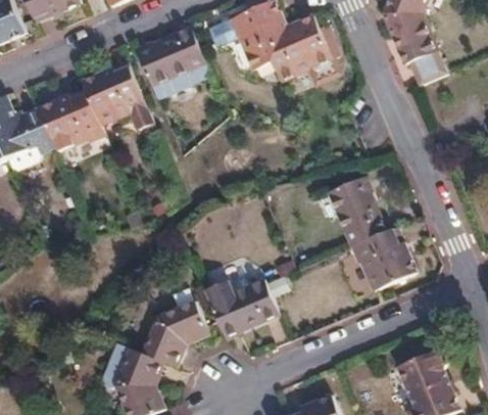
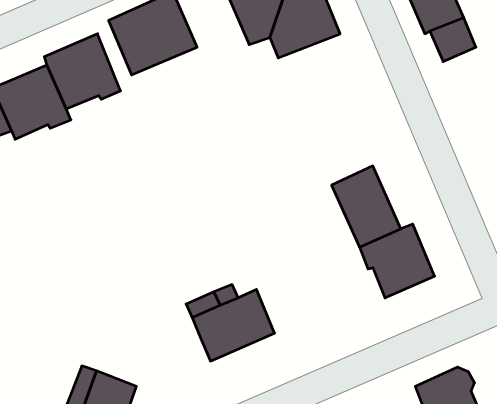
building: [138,298,205,365] -> none

